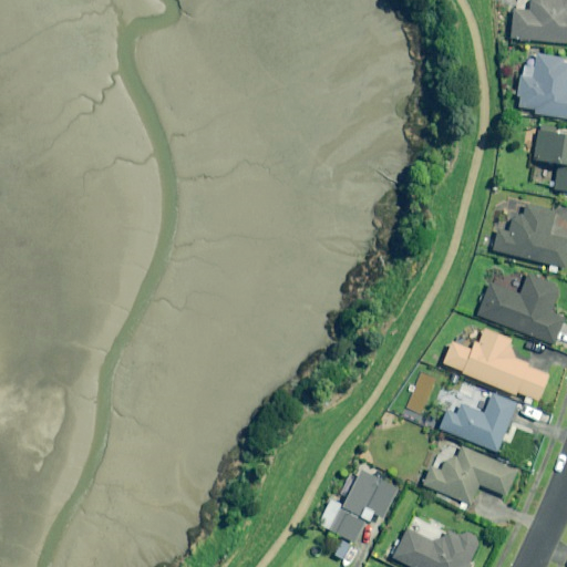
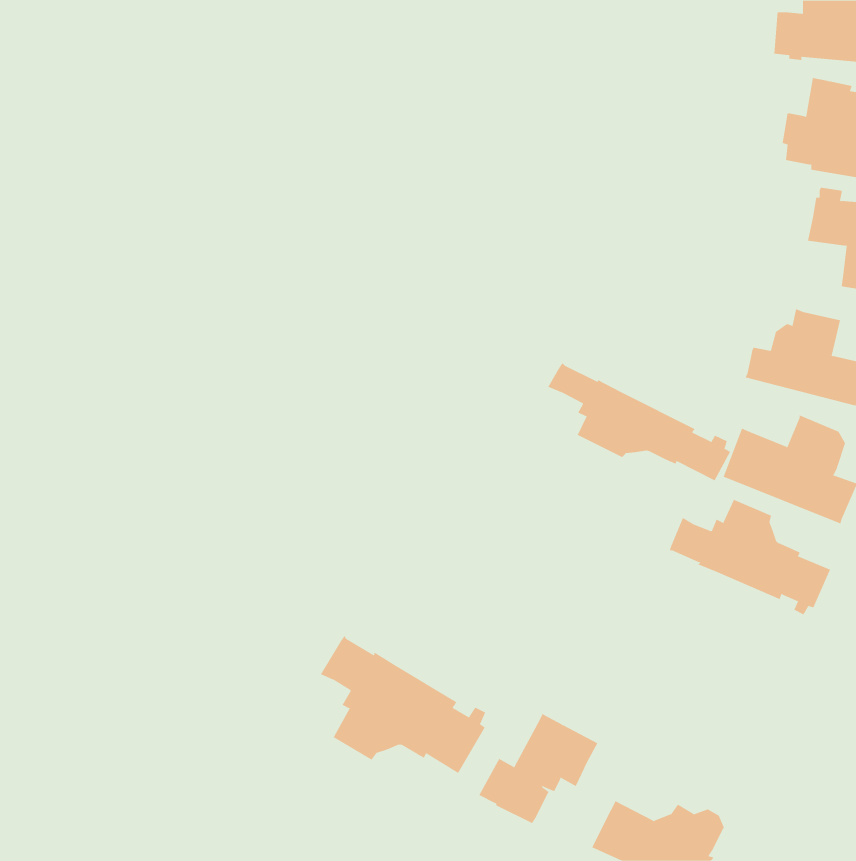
building: none -> [547,362,731,481]
building: [440,392,518,451] -> none
building: none -> [320,635,486,774]
building: [422,445,518,508] -> none

